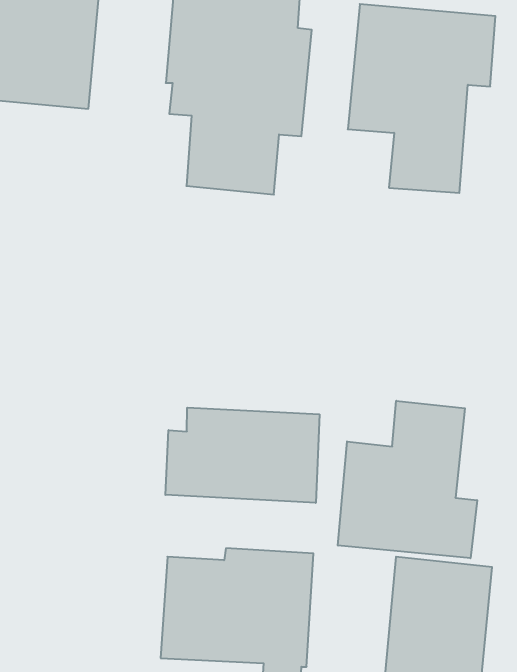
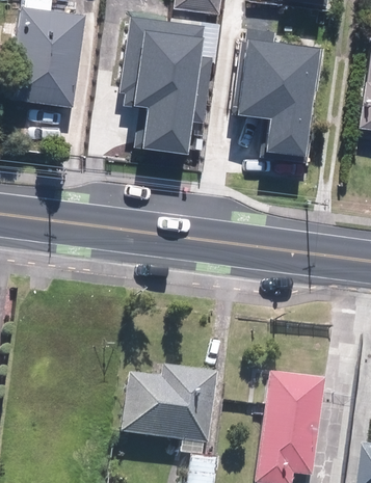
building: [338,401,477,558] -> none
building: [165,408,319,503] -> none

